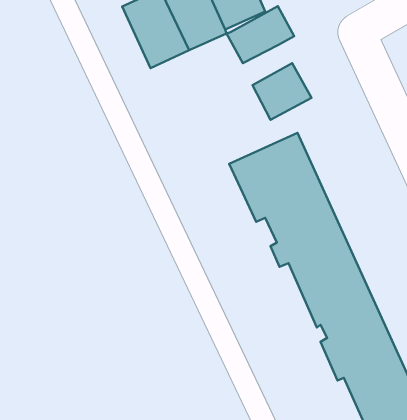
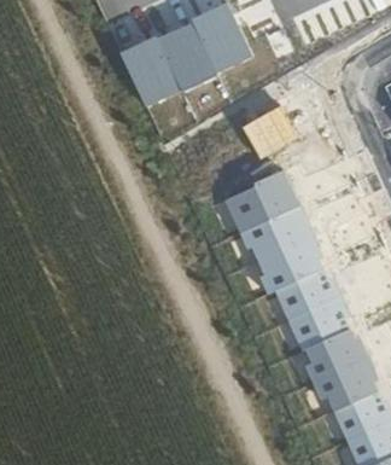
building: [227,6,294,63] -> none

